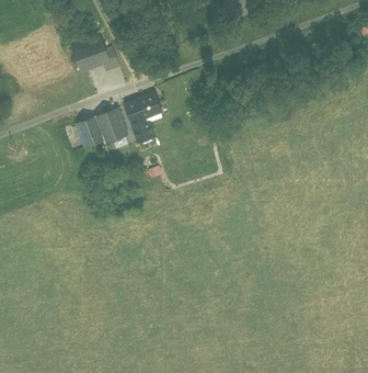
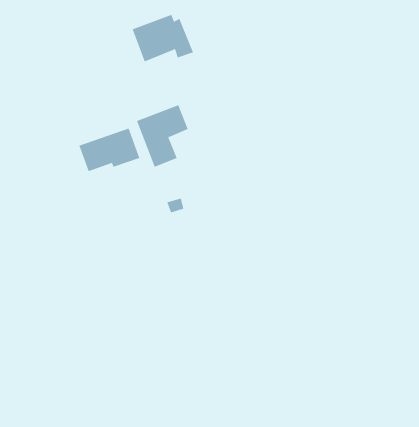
building: [68,36,117,75] -> [132,14,194,62]

